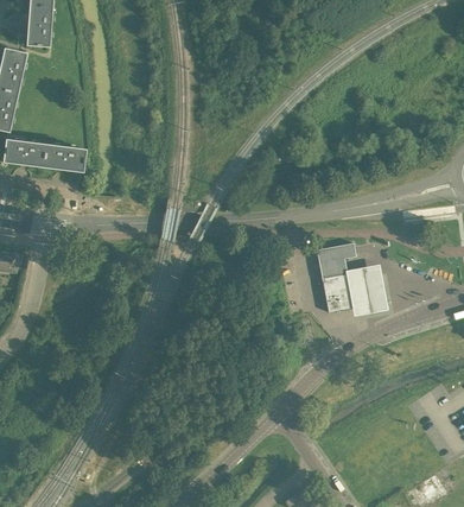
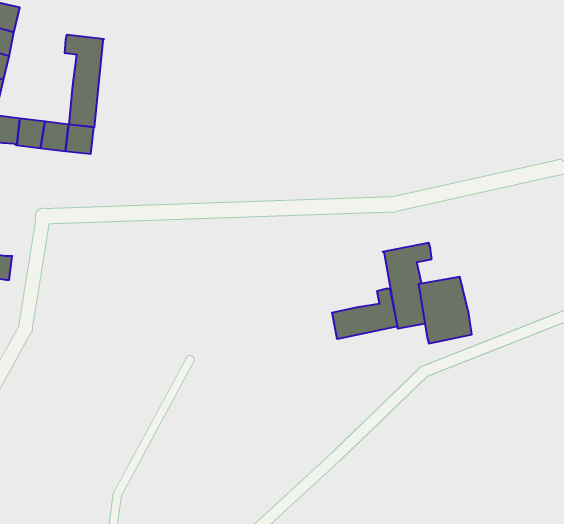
building: none -> [65,35,104,127]
building: none -> [332,288,397,339]

